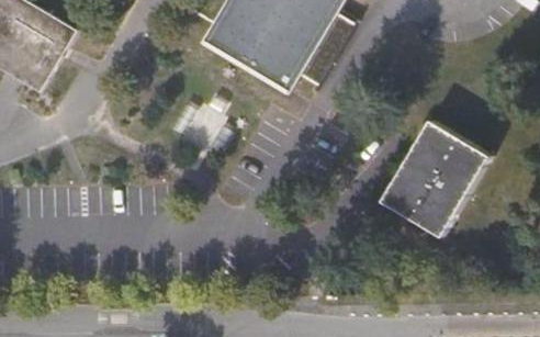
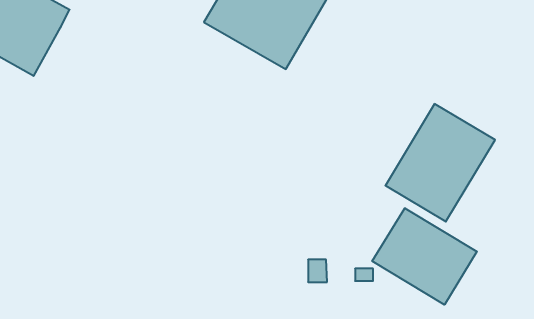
building: none -> [372,208,477,305]

